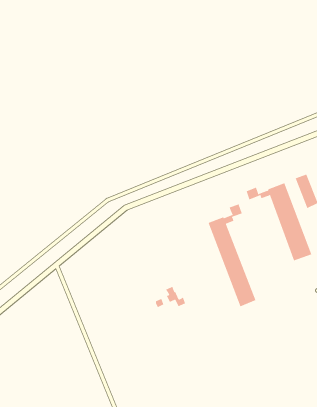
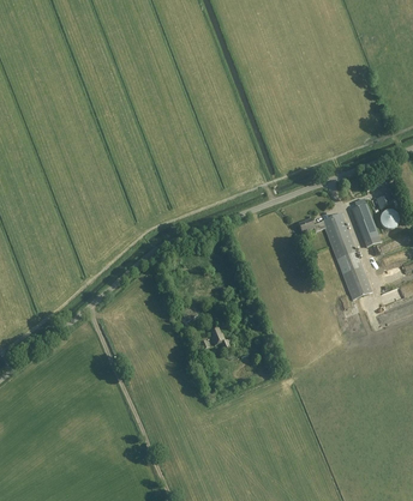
building: [208,204,256,307] -> none

